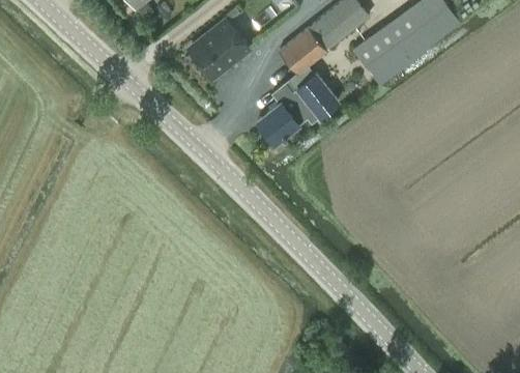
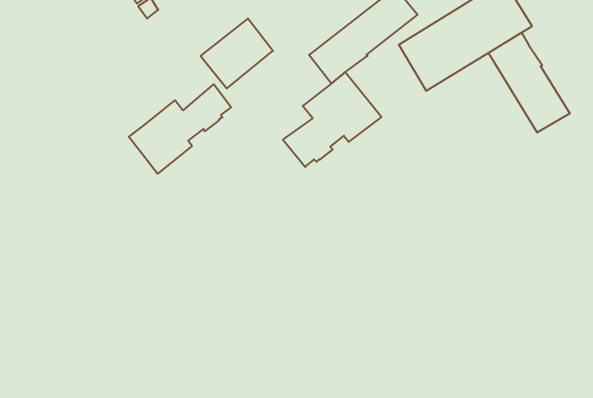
building: none -> [488,33,570,133]
building: none -> [129,84,231,174]

